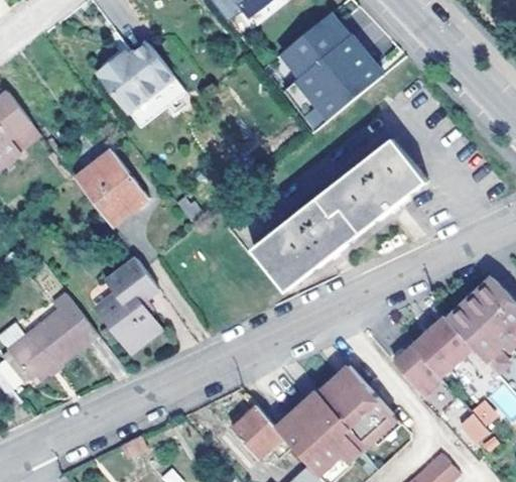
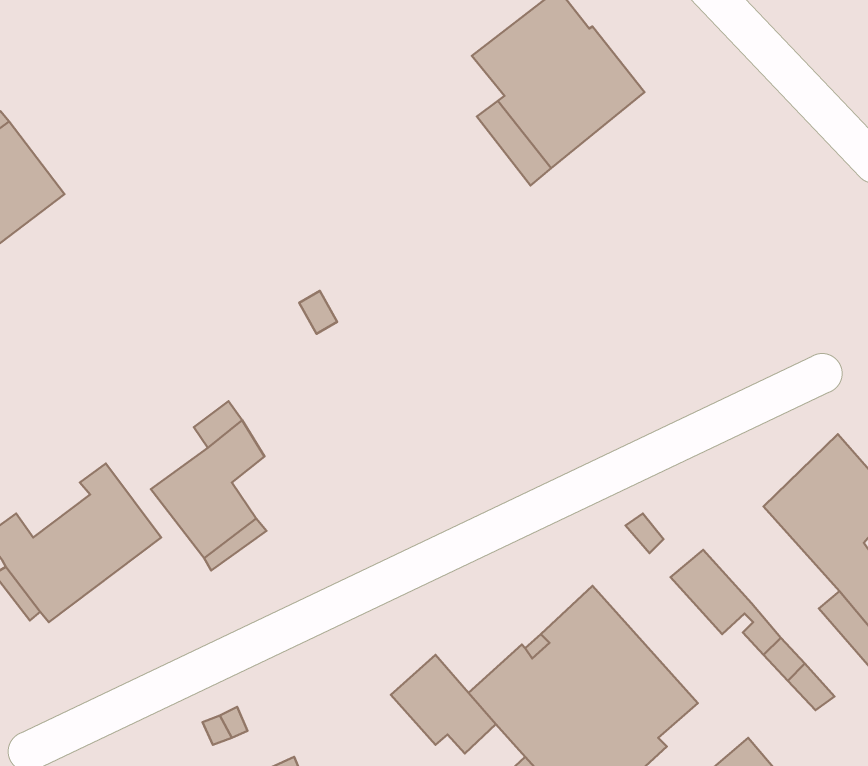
building: [94,40,184,126] -> none
building: [253,136,428,288] -> none
building: [75,151,148,226] -> none
building: [413,325,463,374] -> none

